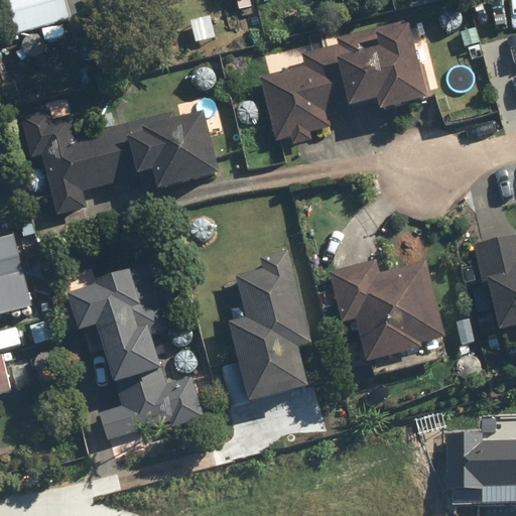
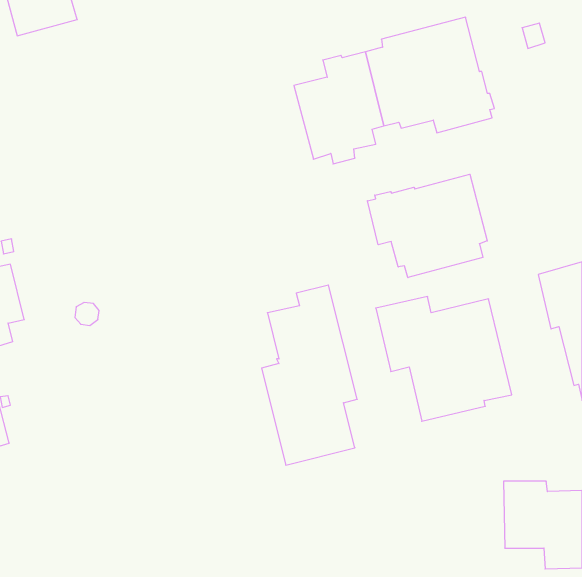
building: [19,107,222,213] -> none
building: none -> [367,174,487,278]
building: [70,261,202,437] -> none

